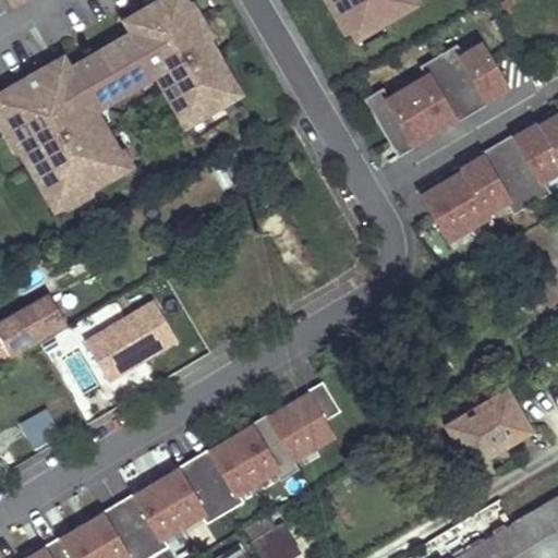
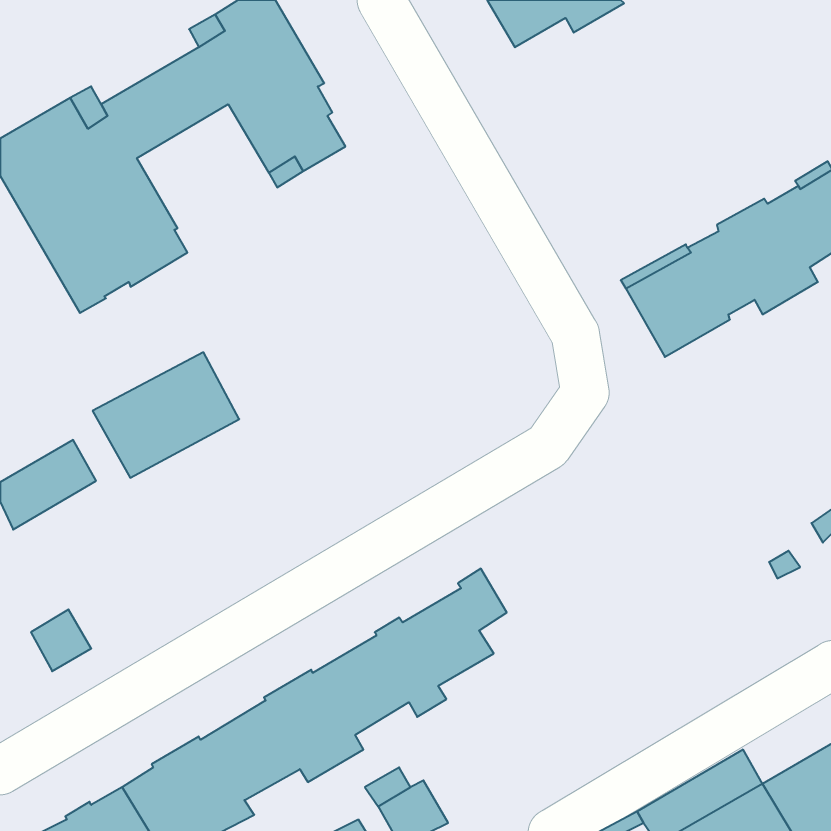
building: [368,40,512,154] -> none
building: [82,295,180,379] -> [93,352,239,478]
building: [448,391,531,465] -> none

